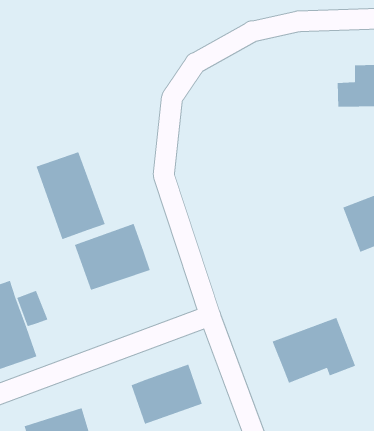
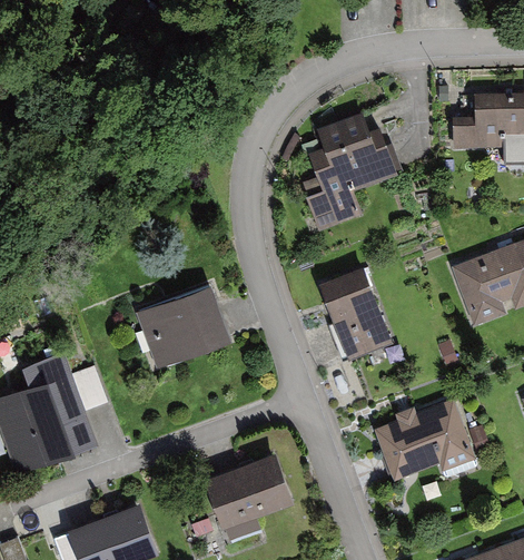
building: none -> [308,114,402,228]
building: [36,151,106,240] -> none
building: none -> [319,267,392,360]

